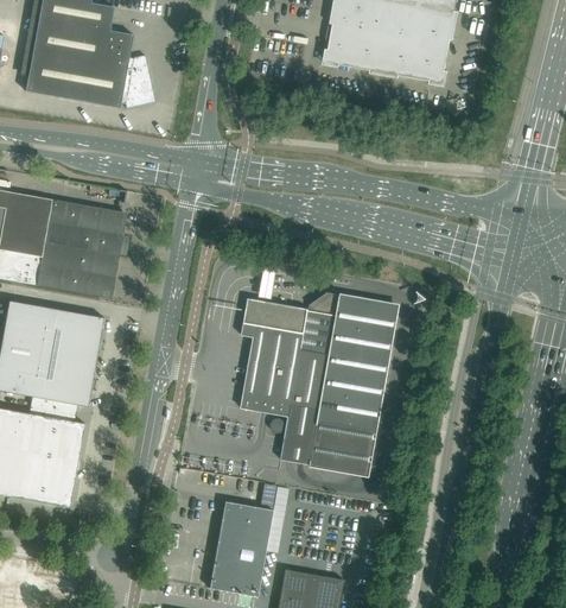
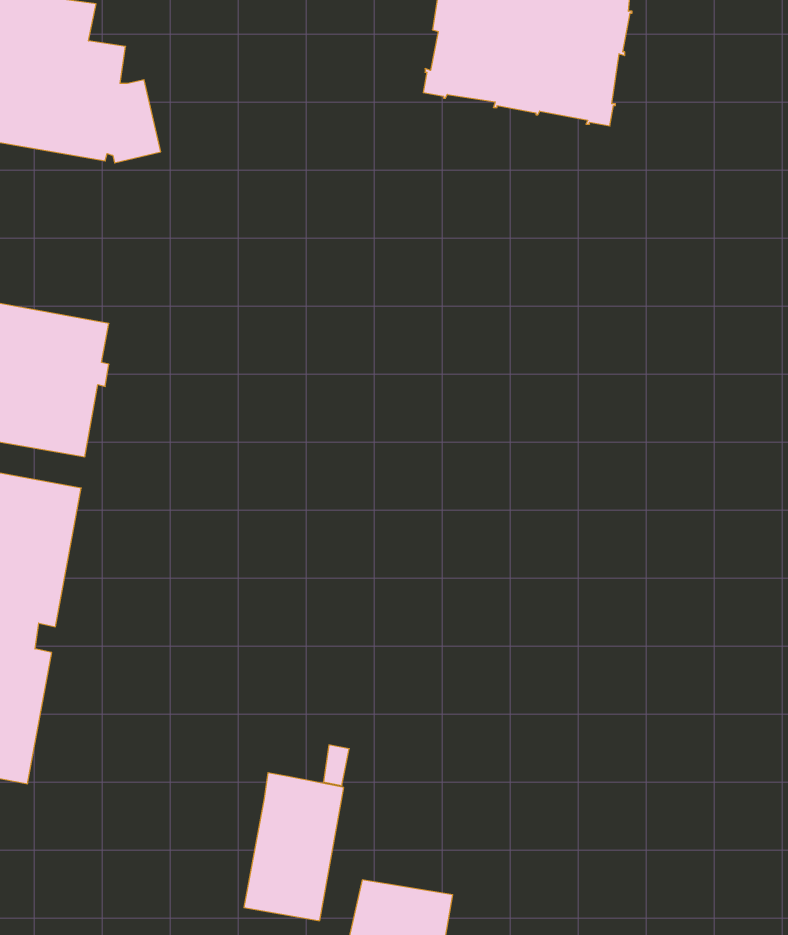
building: [241,292,396,473] -> none

